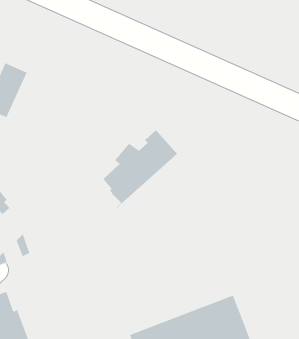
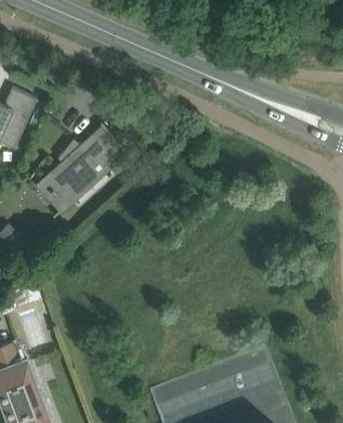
building: [103,127,178,214] -> [43,123,126,218]

